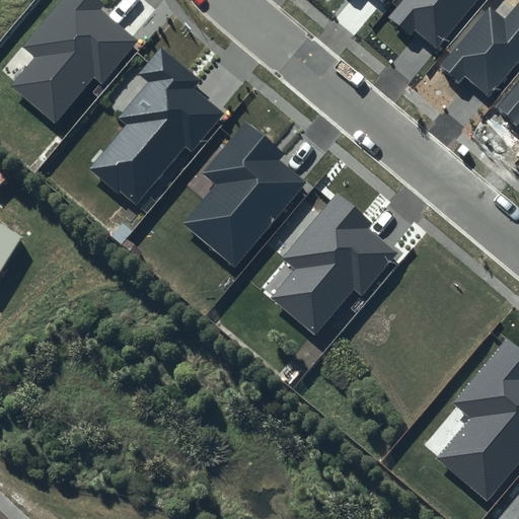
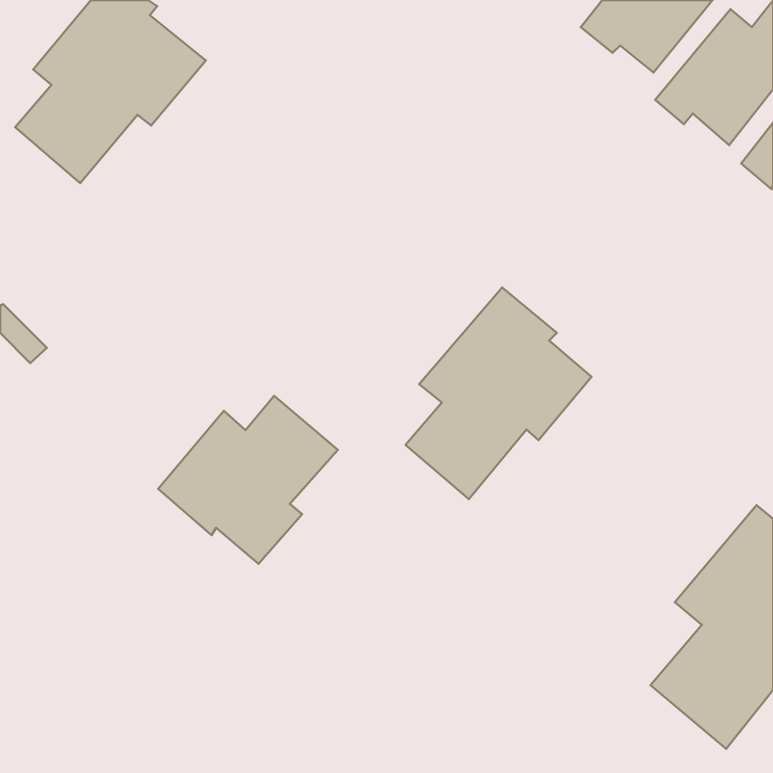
building: [89,49,224,206] -> none
building: [184,122,306,266] -> none
building: none -> [158,396,338,564]

